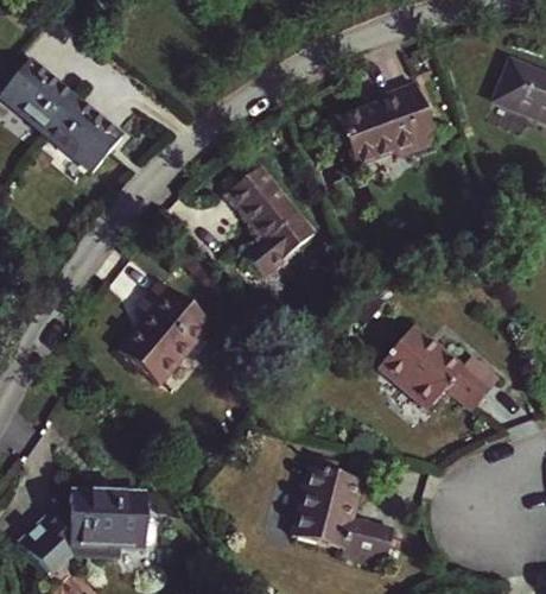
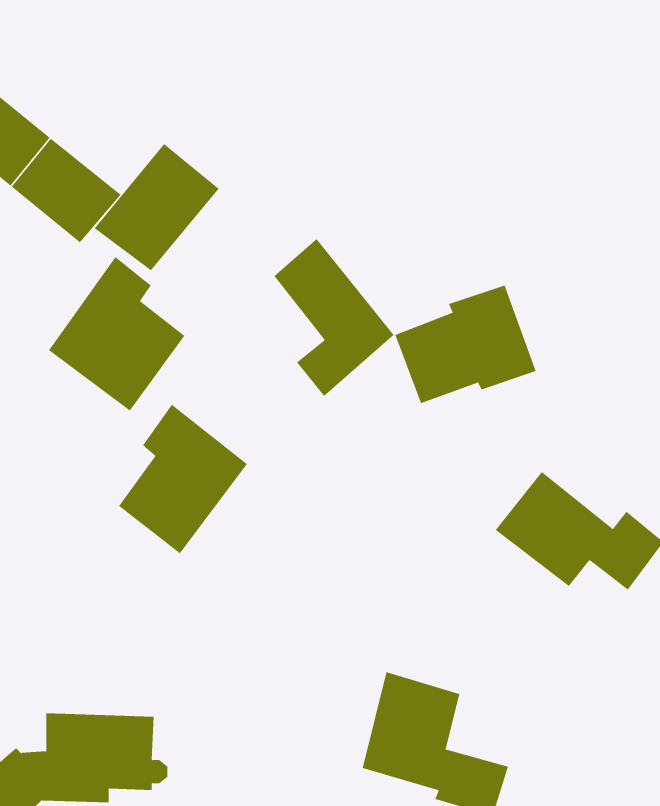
building: [338,83,436,165] -> [395,285,536,404]
building: none -> [94,143,219,271]
building: none -> [48,256,185,412]

